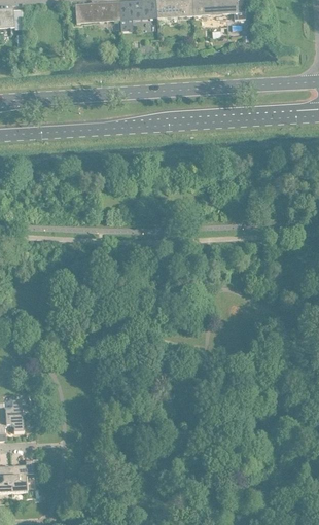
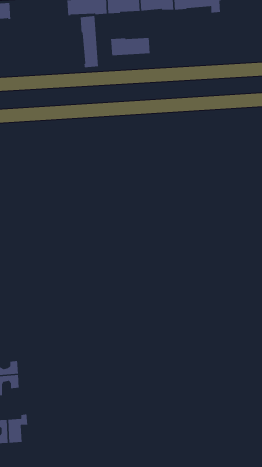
building: none -> [80,15,99,68]
building: none -> [110,37,151,56]

